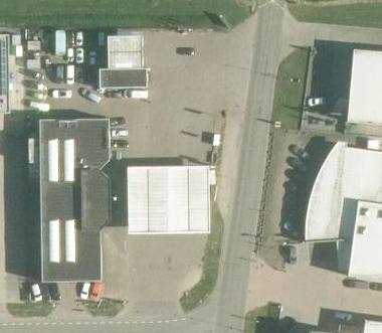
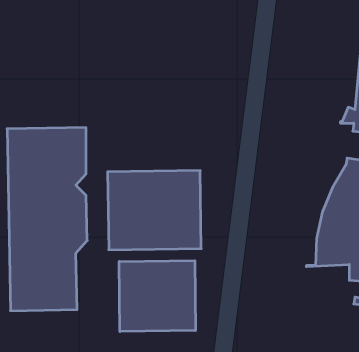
building: [97,36,145,89] -> none
building: none -> [119,261,195,332]

